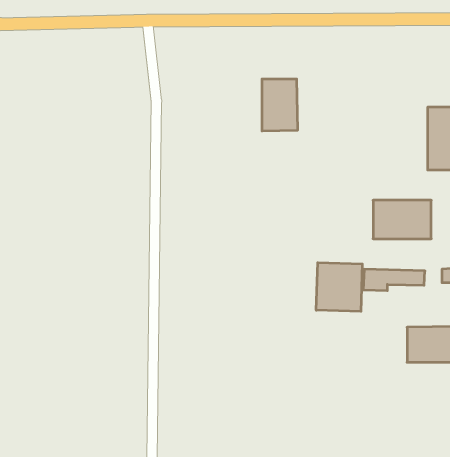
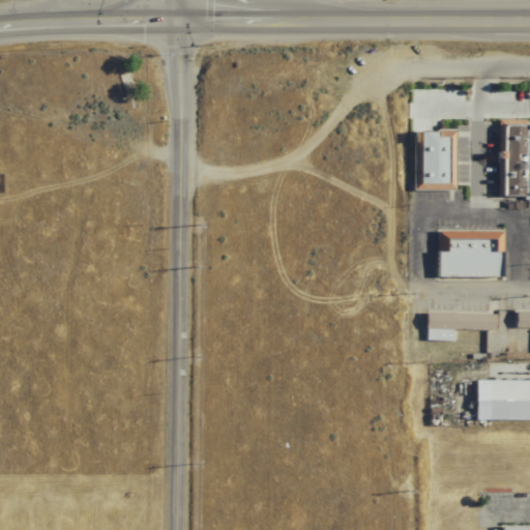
building: [262,79,298,131] -> [417,131,459,192]
building: [316,263,362,311] -> none

